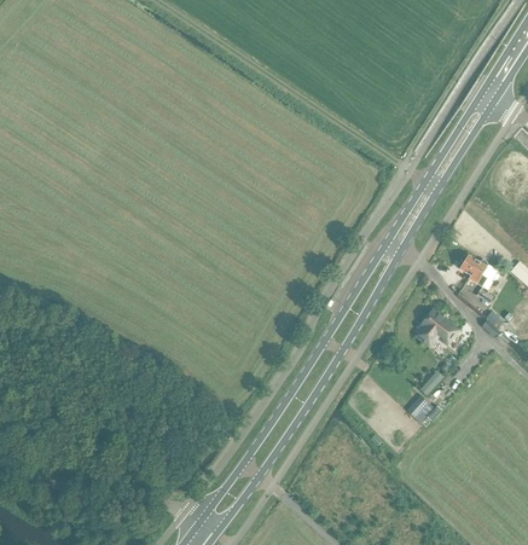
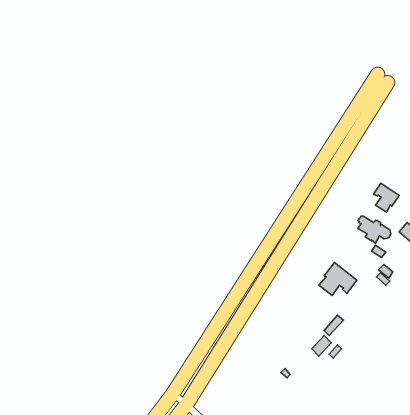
building: none -> [374,183,399,212]

